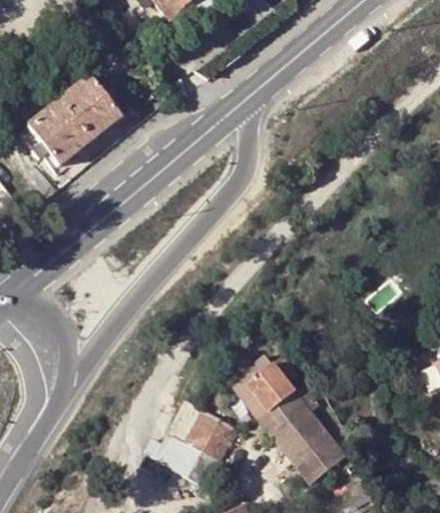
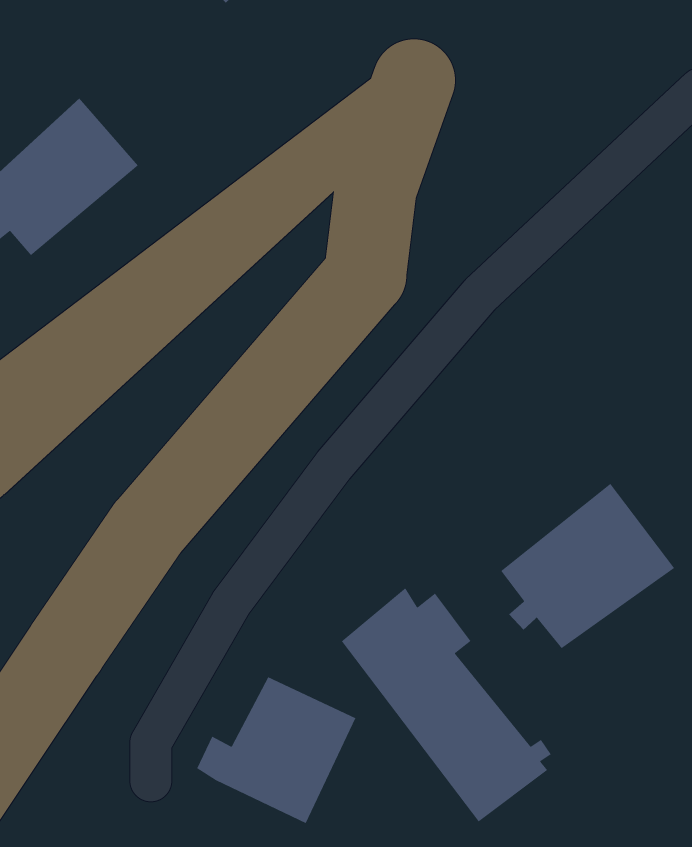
building: none -> [500,483,675,649]

